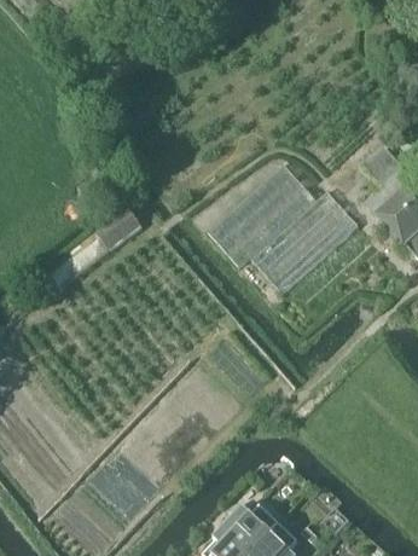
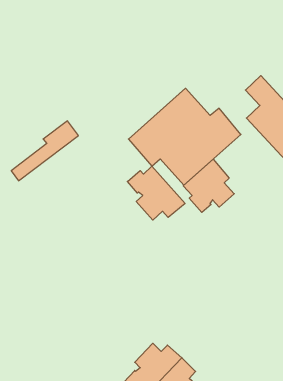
building: none -> [183,159,234,212]
building: none -> [127,166,185,220]

